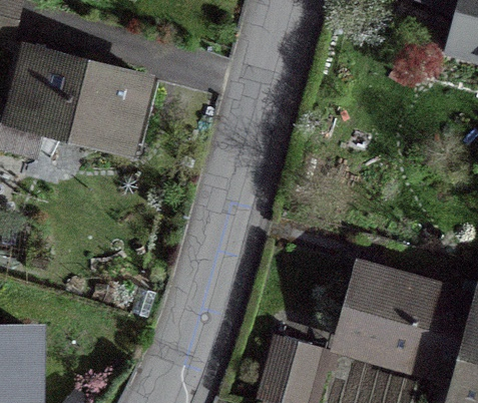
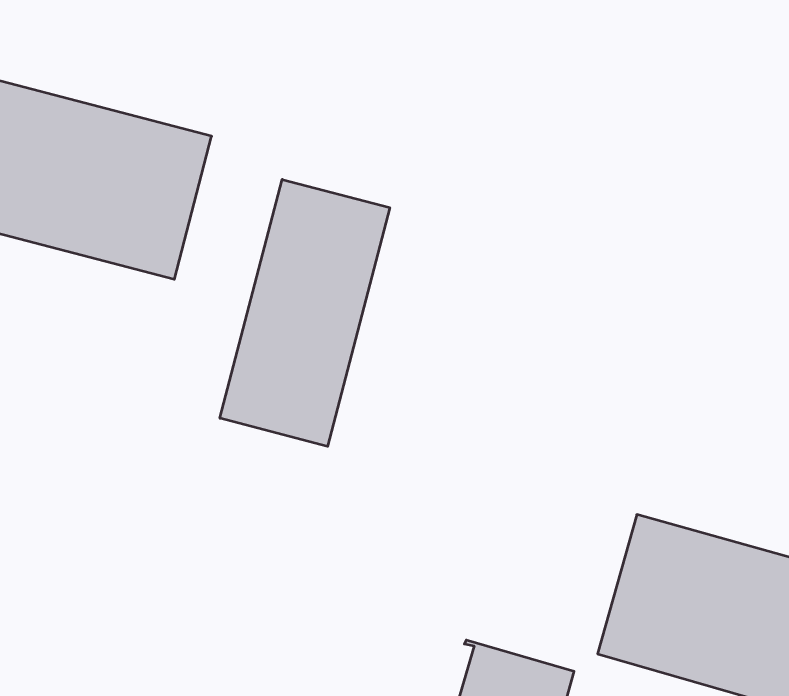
building: none -> [220,179,390,446]

